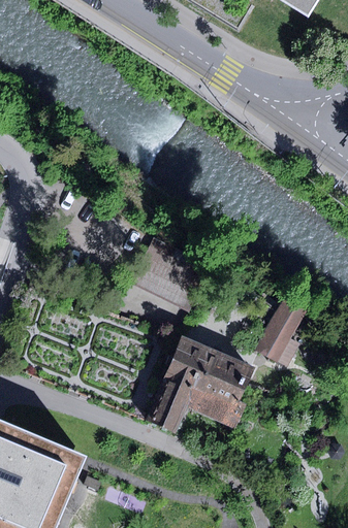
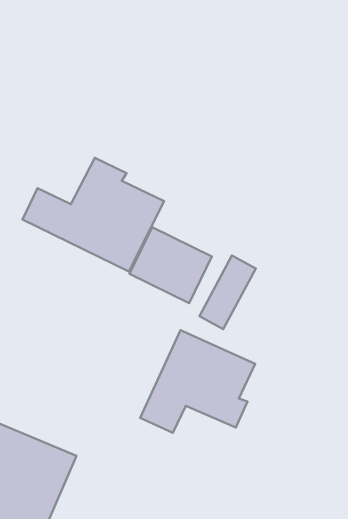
building: none -> [23,158,164,272]
building: [252,296,306,366] -> [199,256,256,329]

